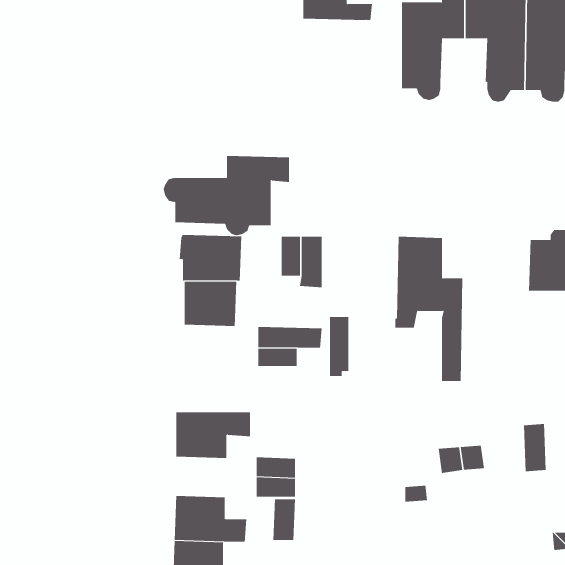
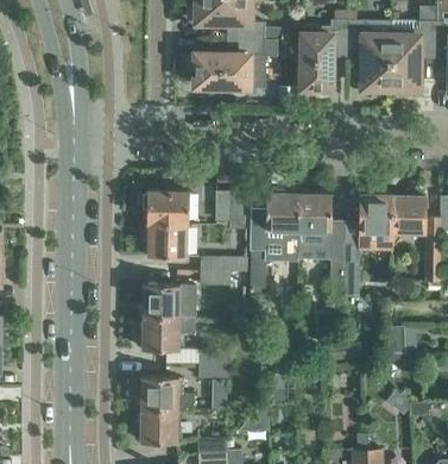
building: [163,156,290,236] -> [187,38,277,95]
building: none -> [266,193,299,251]
building: none -> [345,194,393,296]
building: none -> [141,284,195,318]

